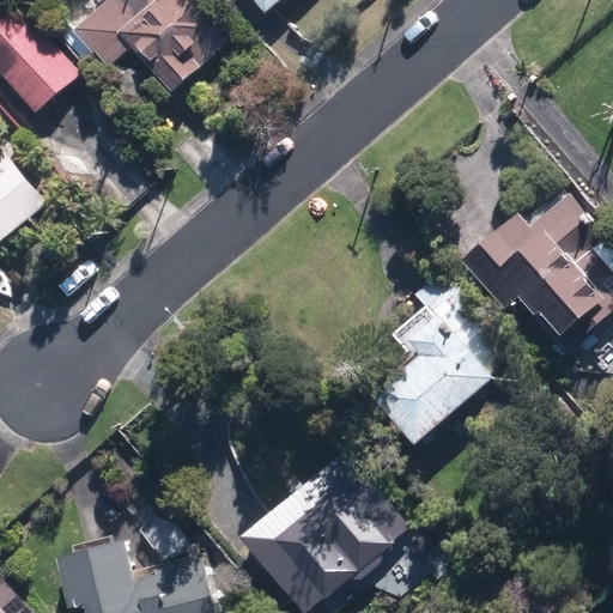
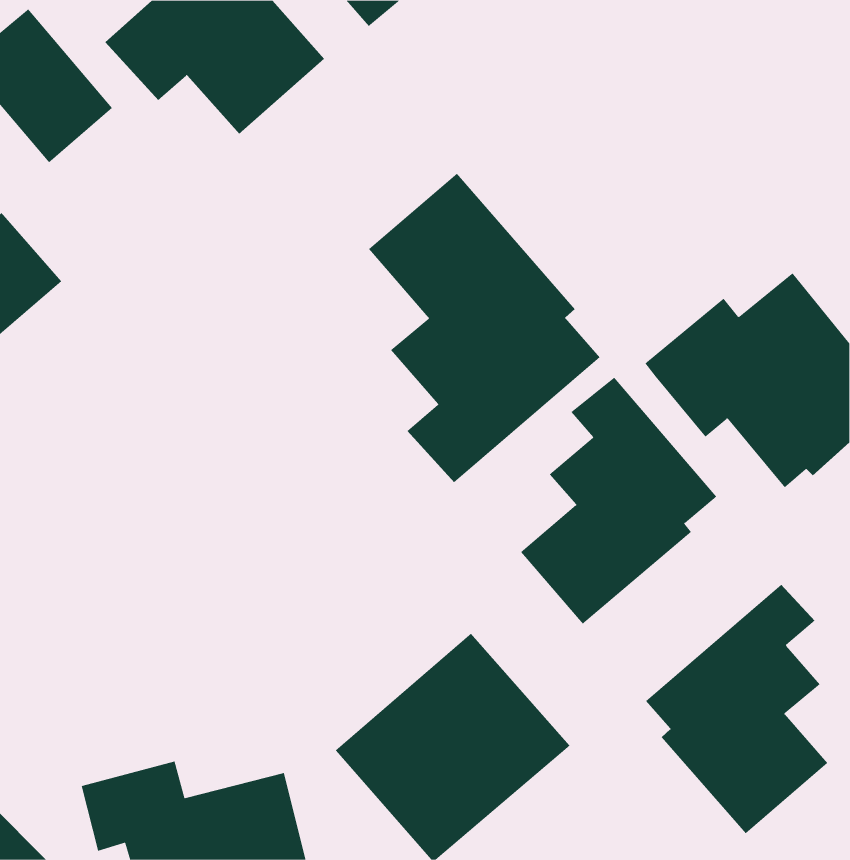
building: none -> [368,173,600,483]
building: none -> [645,584,828,834]

